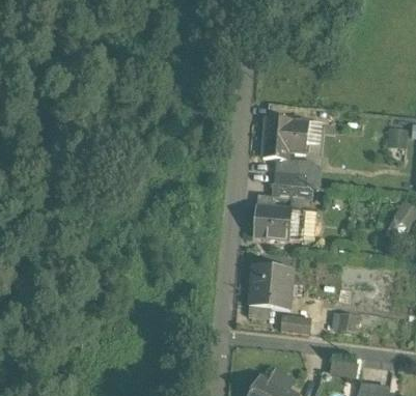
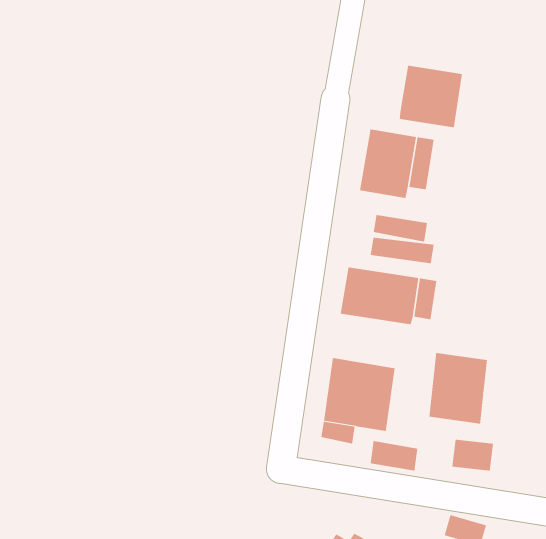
building: none -> [399,65,462,128]
building: none -> [429,352,487,424]

